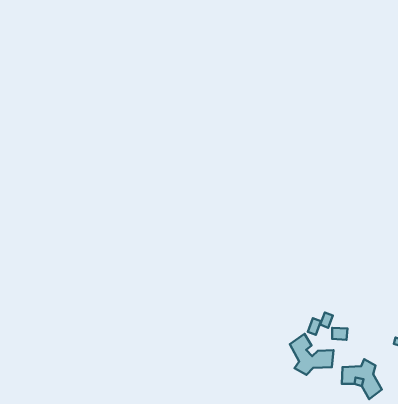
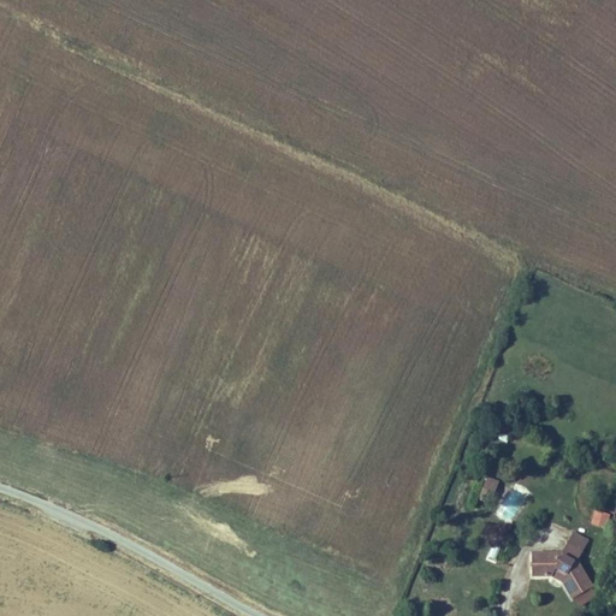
building: [290,334,333,375] -> none

